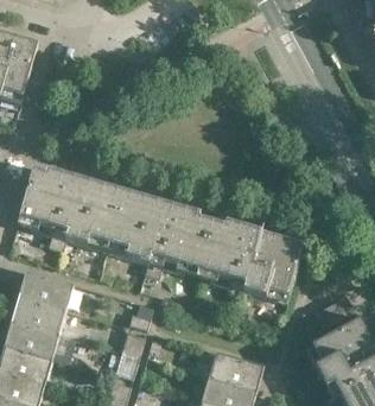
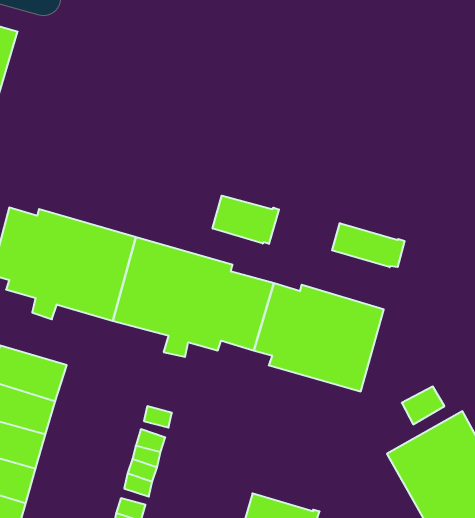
building: none -> [213,196,279,244]
building: none -> [332,223,405,267]
building: [208,349,263,387] -> none

